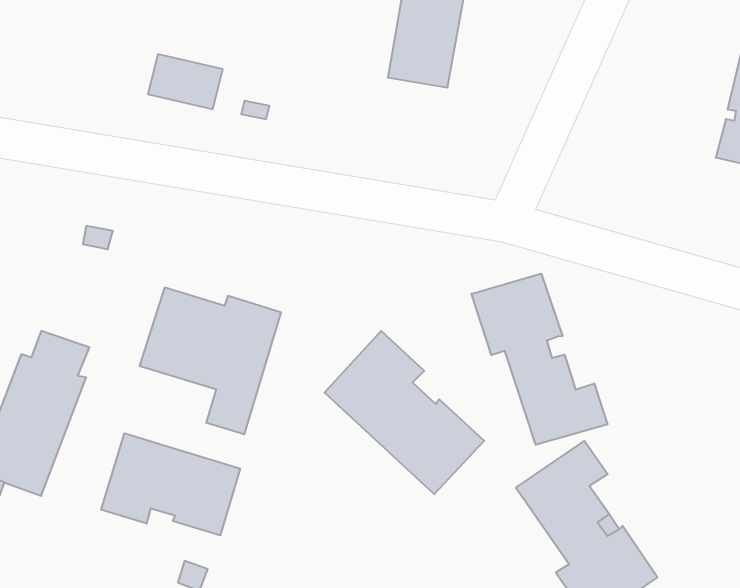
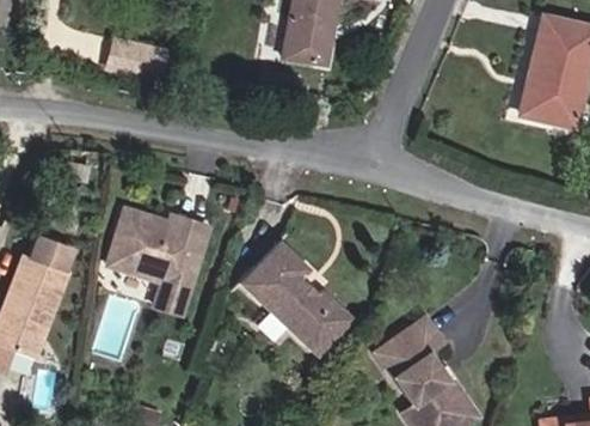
building: [471,274,608,445] -> none
building: [101,433,240,535] -> none

